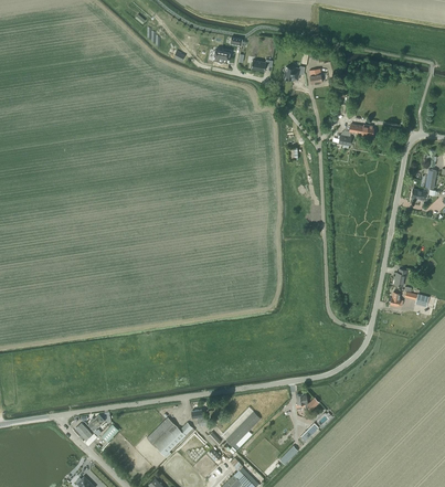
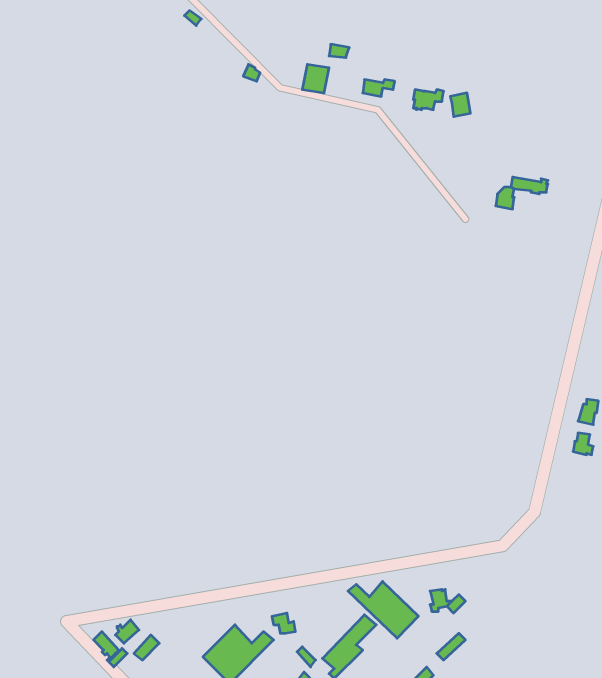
building: none -> [348,581,418,638]

